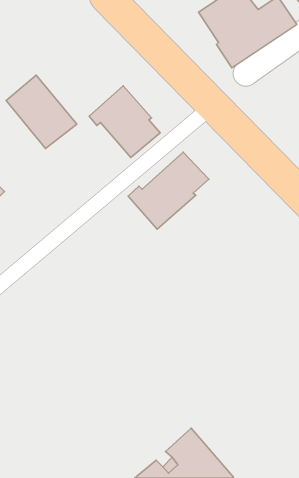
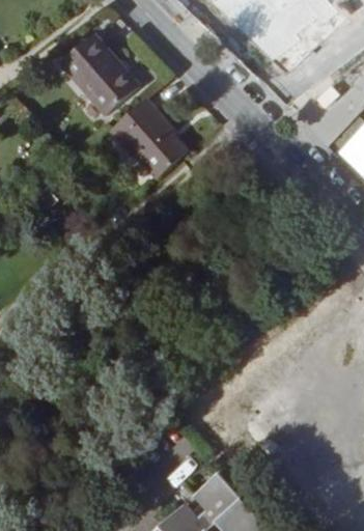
building: [6,75,77,149] -> [56,33,134,114]
building: [128,152,209,229] -> none

